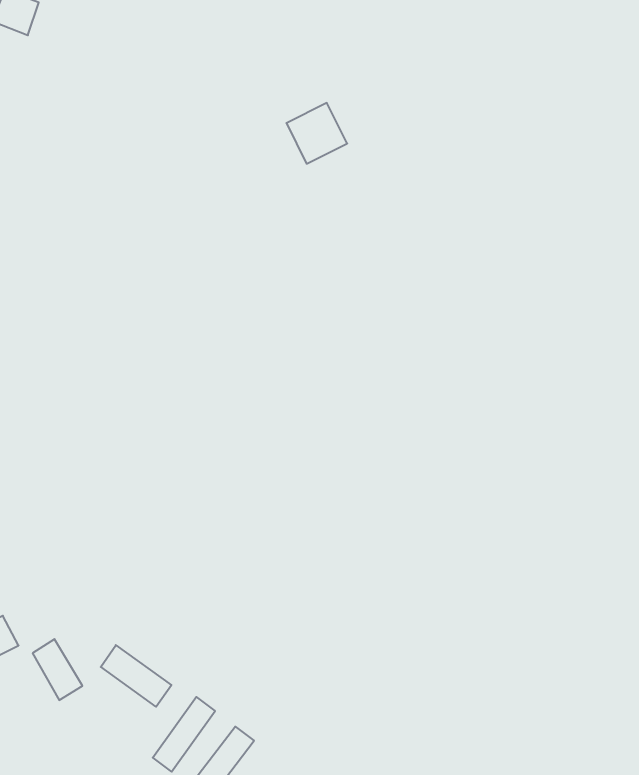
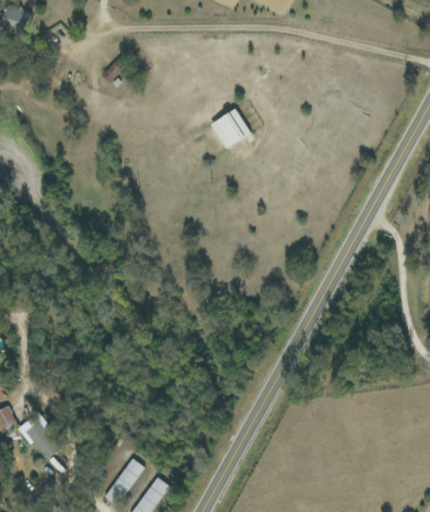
building: [286,103,347,164] -> [212,109,251,148]
building: [101,645,171,707] -> none

